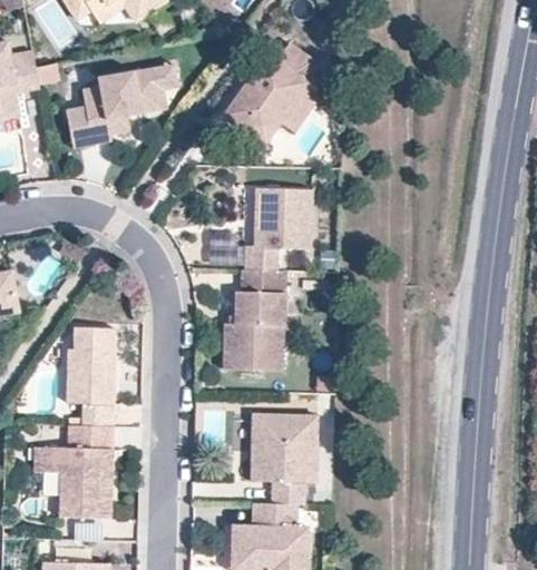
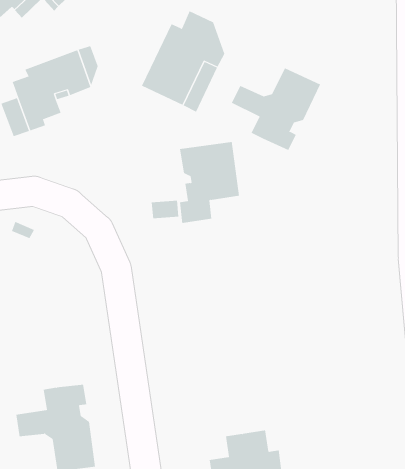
building: none -> [231,68,321,151]
building: [222,268,282,367] -> none
building: [66,324,114,423] -> none
building: [251,413,315,502] -> none

